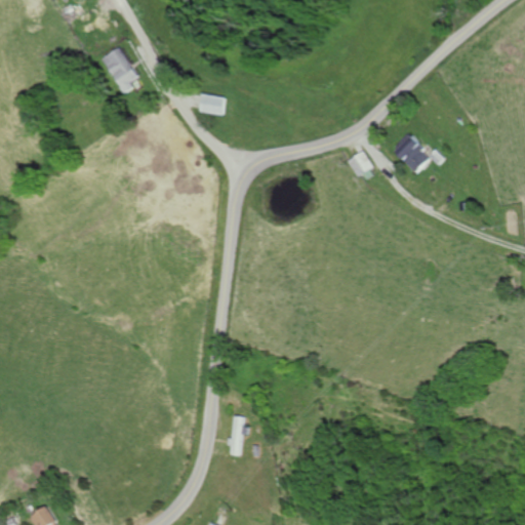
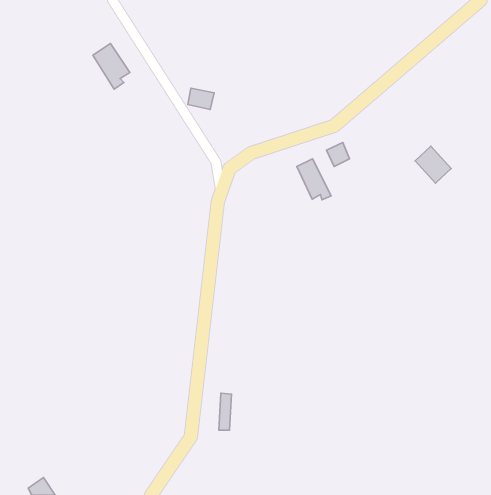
building: [395,134,433,173] -> [415,146,451,183]
building: none -> [297,159,331,200]

